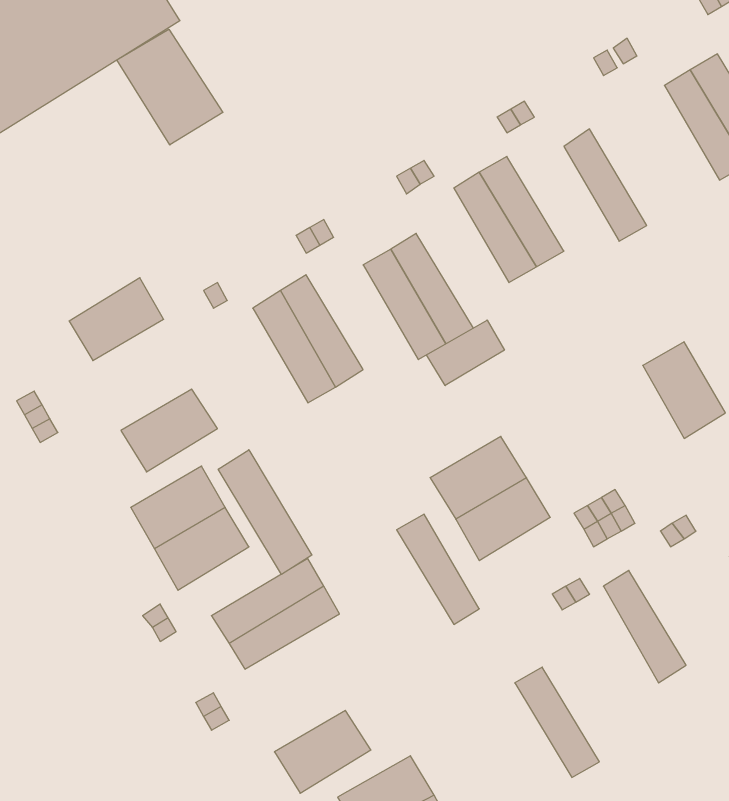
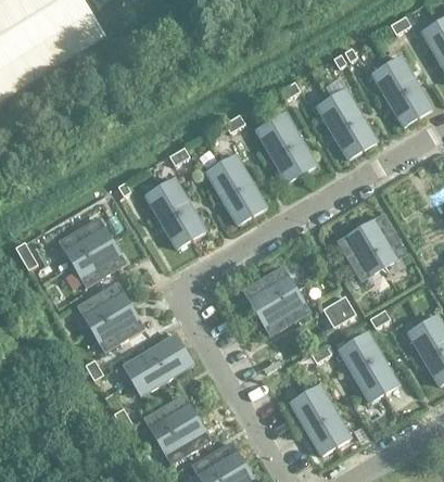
building: [117,29,223,145] -> none
building: none -> [330,88,377,150]
building: [69,278,164,361] -> [59,217,111,263]
building: [426,320,504,386] -> none
building: none -> [337,227,382,280]
building: [218,450,312,574] -> none
building: [397,514,479,624] -> [304,384,350,445]
building: none -> [352,331,398,392]
building: none -> [143,394,195,440]

